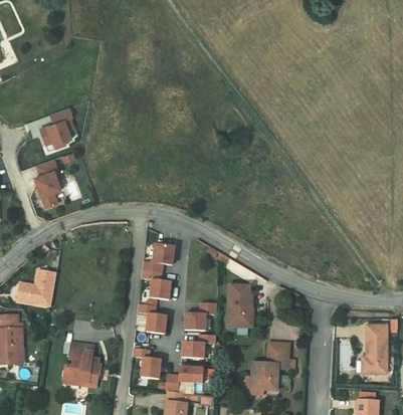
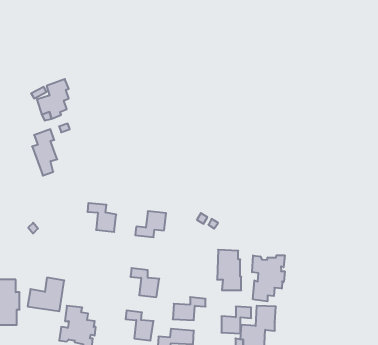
building: [141,269,171,299] -> [87,203,116,232]
building: [17,270,55,305] -> [28,278,64,311]
building: none -> [252,255,285,301]
building: [185,302,216,331] -> [221,307,251,334]
building: [366,324,386,372] -> none

